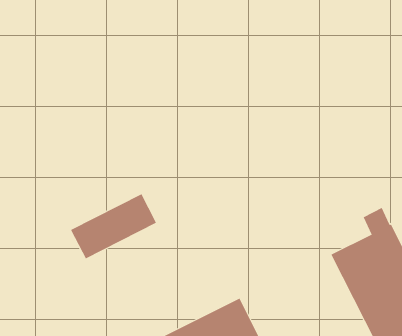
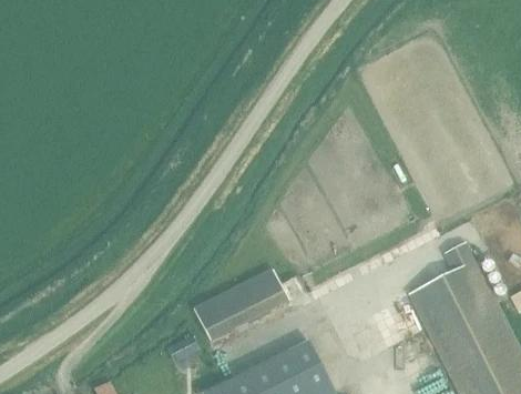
building: [70,194,157,259] -> [193,267,288,340]

